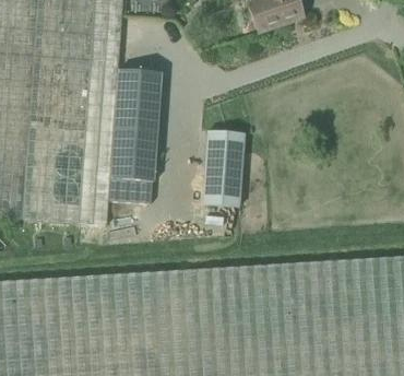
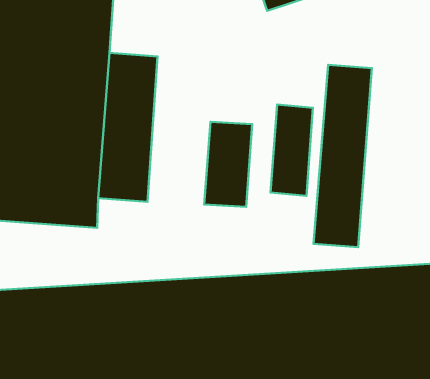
building: none -> [314,65,372,247]
building: none -> [270,104,313,196]

